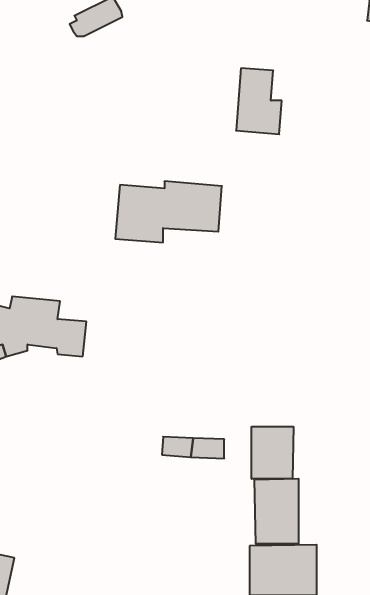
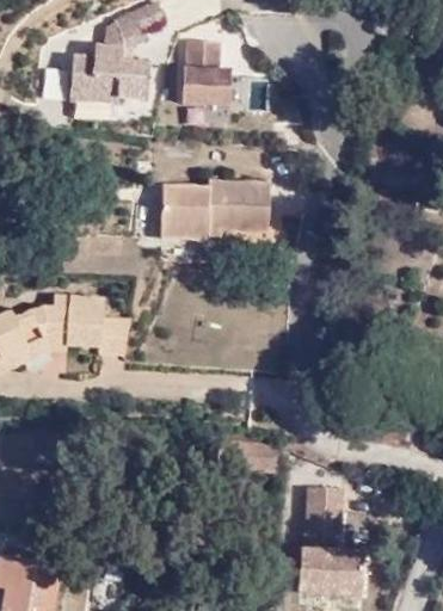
building: none -> [72,43,148,105]
building: [236,68,282,134] -> [184,41,229,106]
building: [252,427,293,479] -> none

